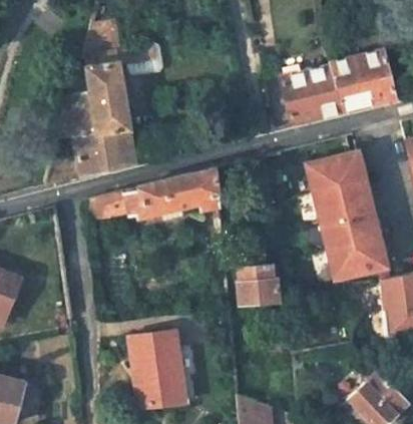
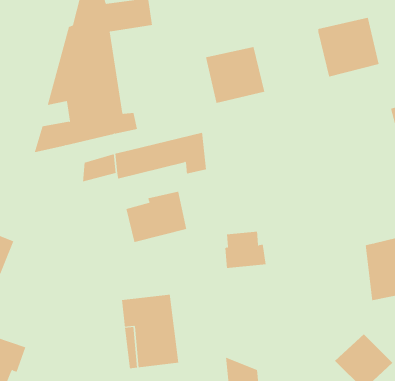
building: [282,65,343,123] -> [205,47,265,103]
building: [307,152,389,283] -> none
building: none -> [126,191,187,243]

